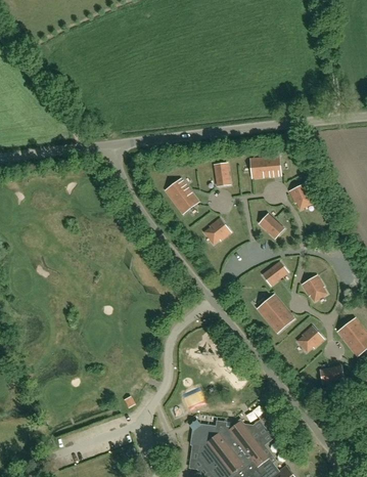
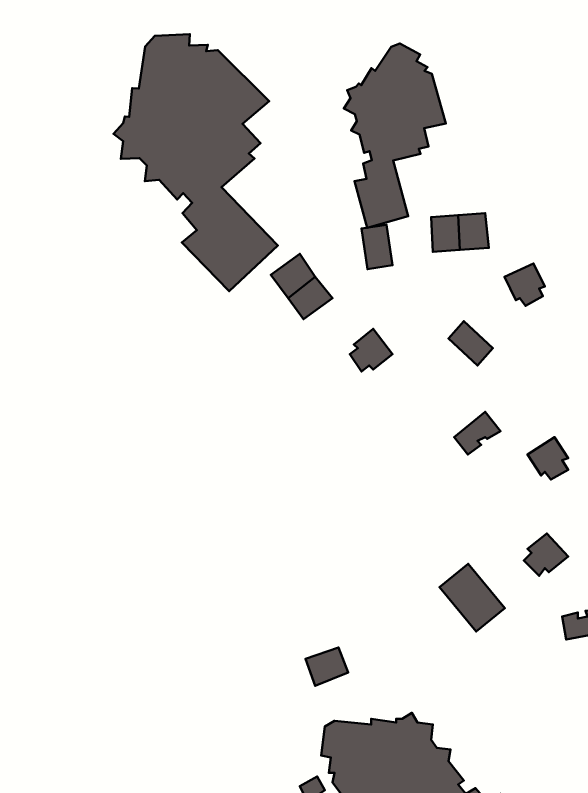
building: none -> [113,34,278,291]
building: none -> [344,44,446,228]
building: [258,296,292,332] -> [439,564,505,631]

